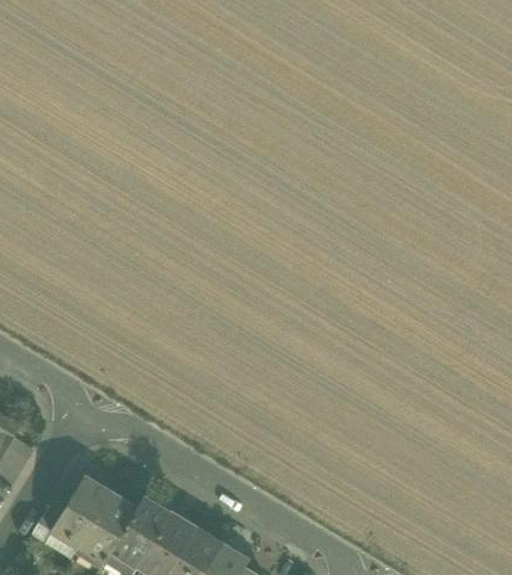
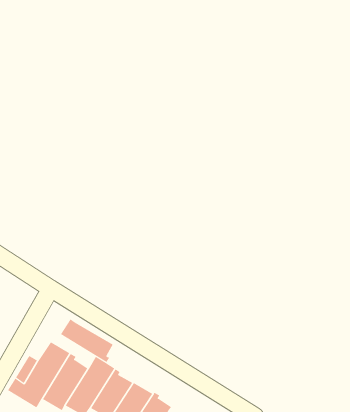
building: none -> [60,318,113,363]

